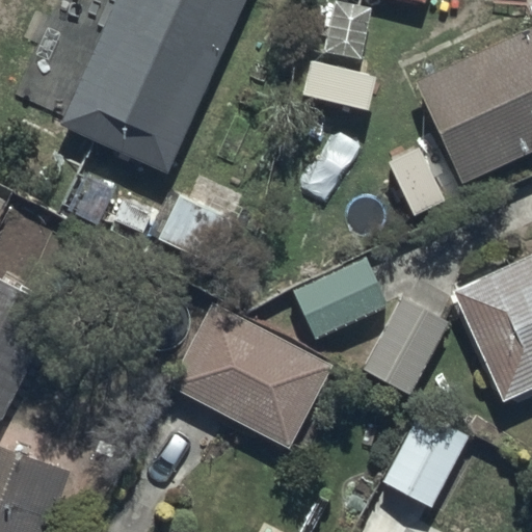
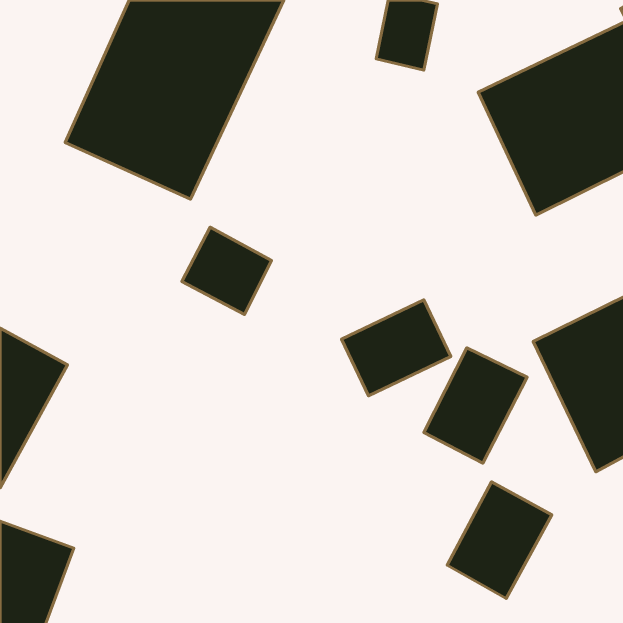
building: [160,297,331,447] -> none

